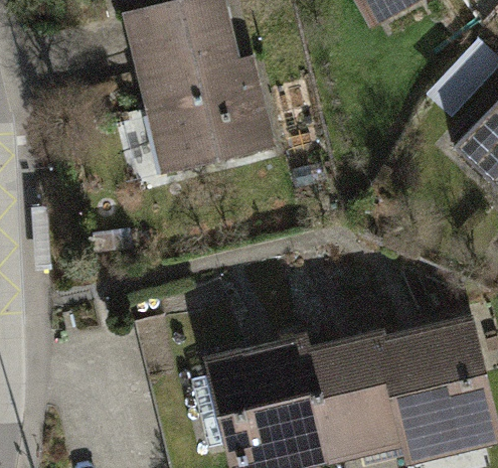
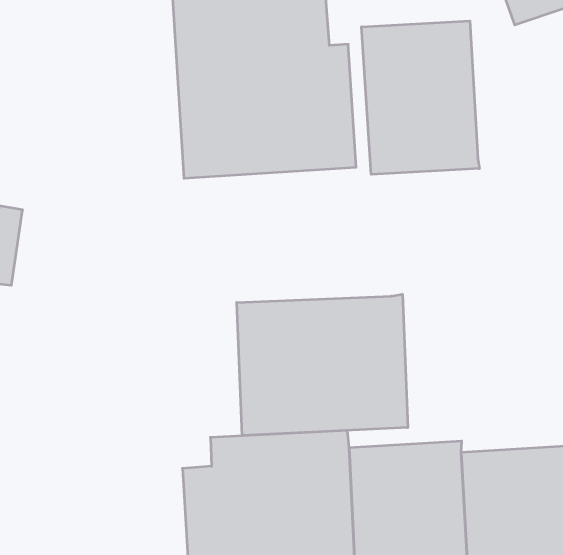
building: none -> [362,21,479,174]
building: none -> [237,294,408,436]

